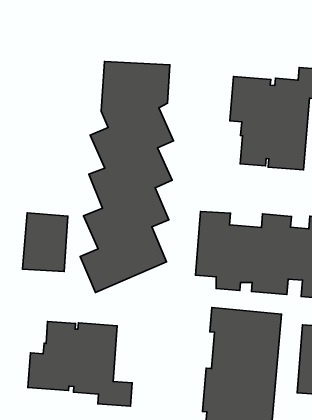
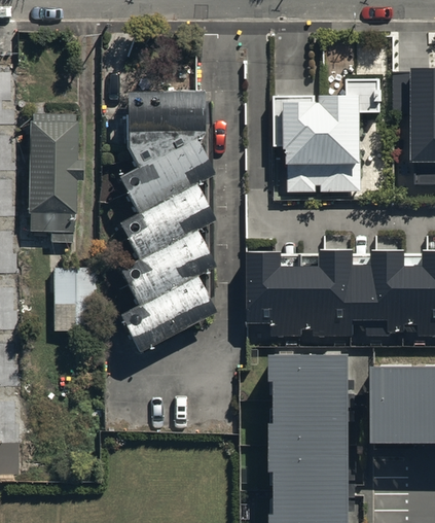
building: none -> [28,115,83,245]
building: [28,321,132,406] -> none

